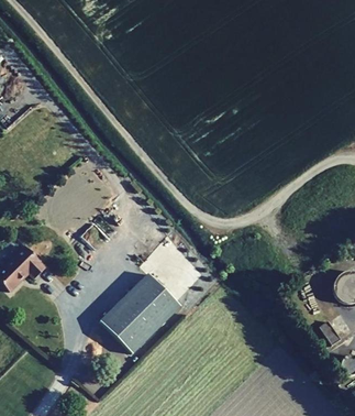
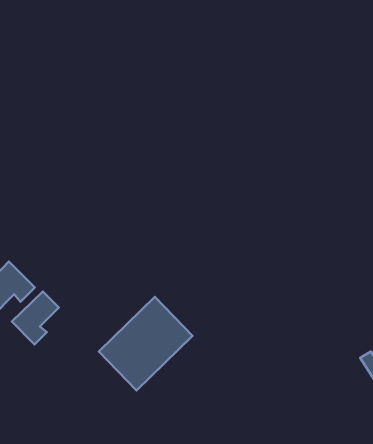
building: none -> [12,291,59,344]

